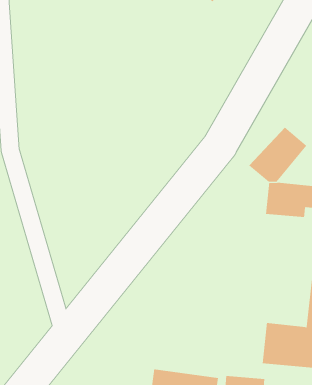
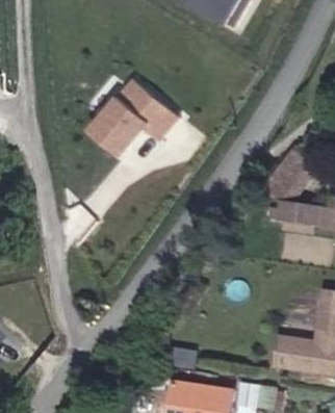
building: none -> [89,82,176,156]

